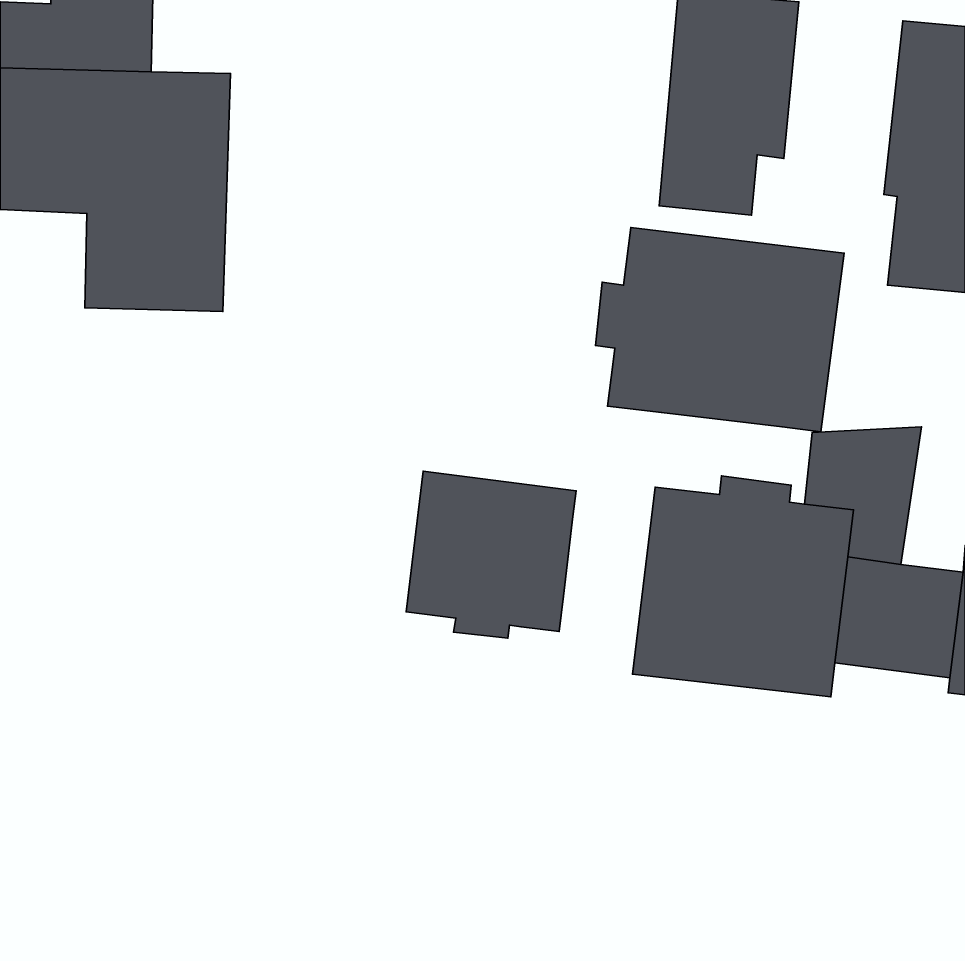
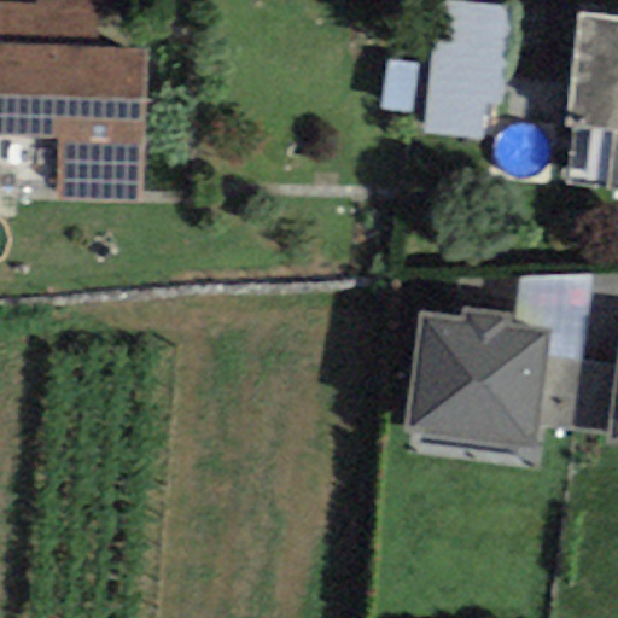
building: [596,227,844,432] -> none
building: [406,471,576,638] -> none

